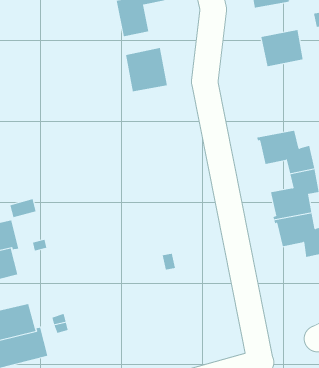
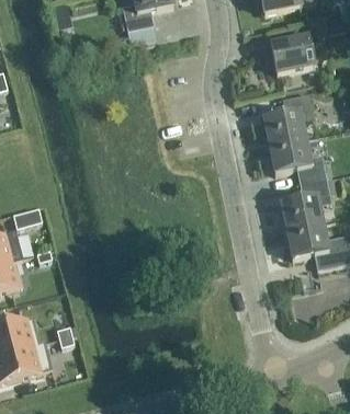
building: [126,47,168,92] -> none
building: none -> [262,92,314,145]

